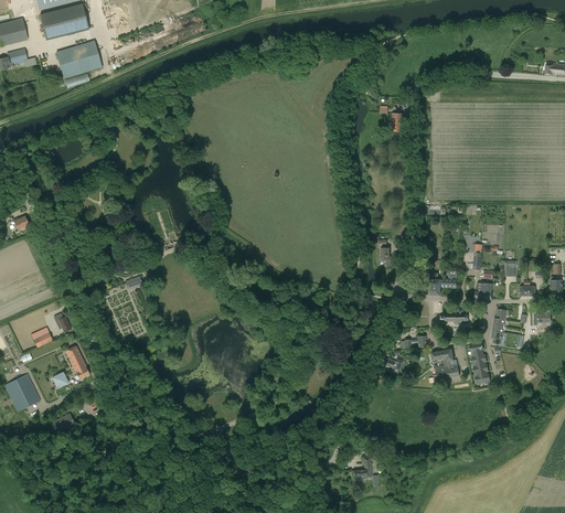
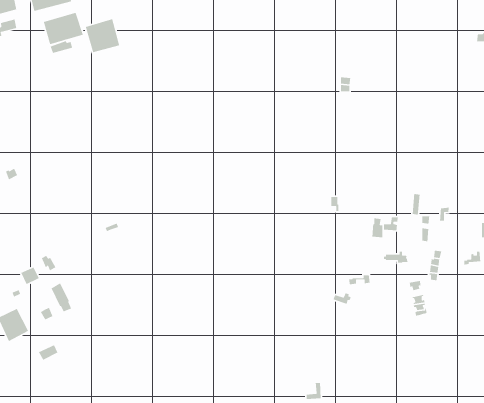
building: none -> [85,18,120,53]
building: [429,348,458,380] -> none

